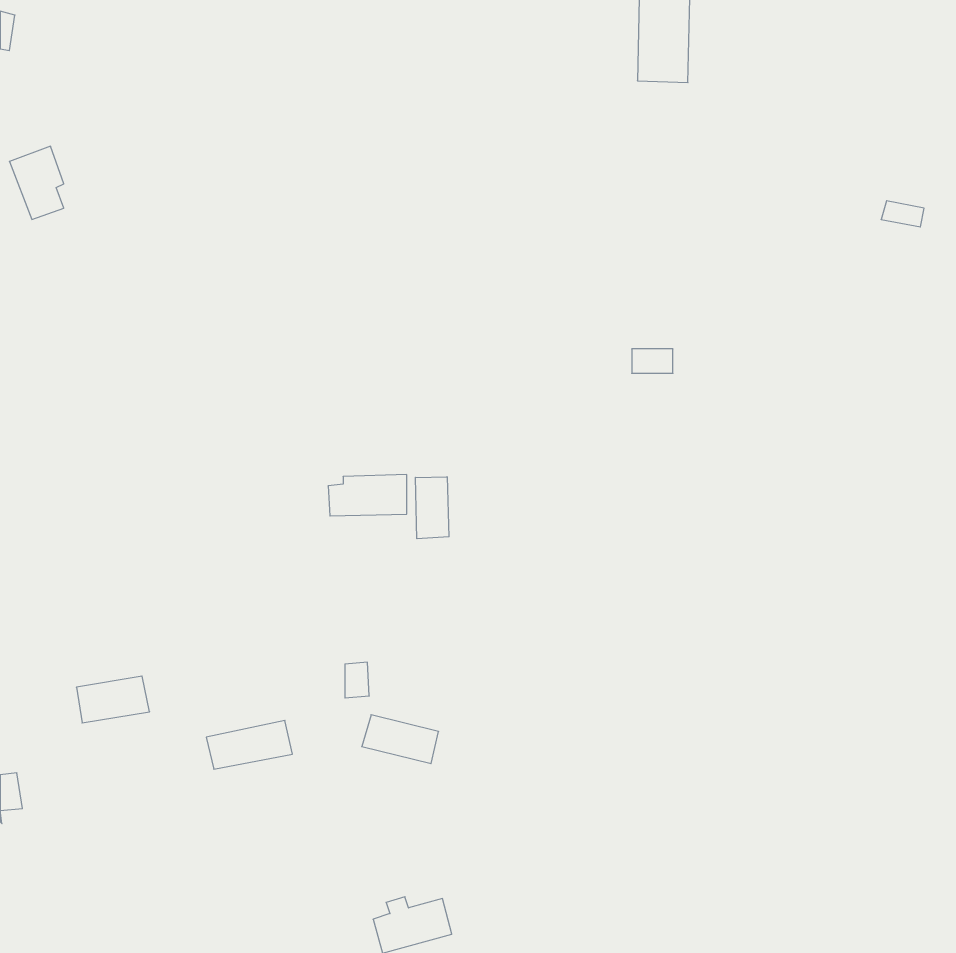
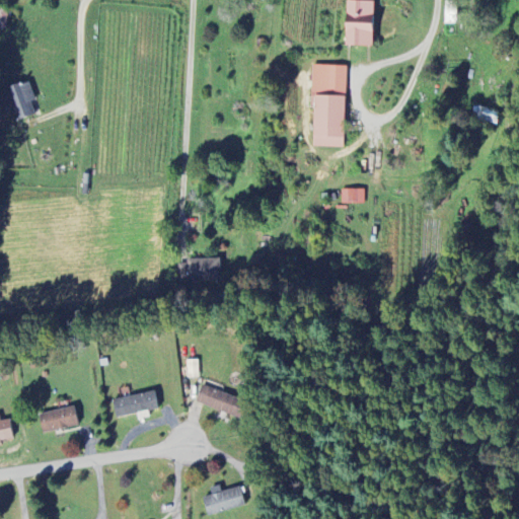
building: none -> [310,64,347,146]
building: [415,477,449,539] -> none
building: [76,676,150,723] -> [40,405,79,431]

